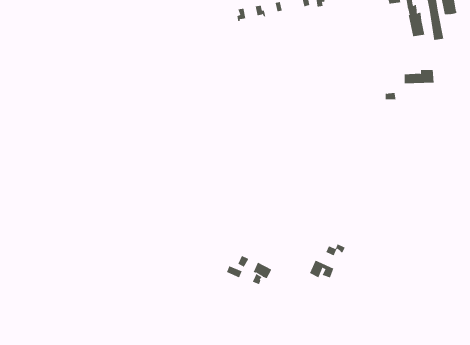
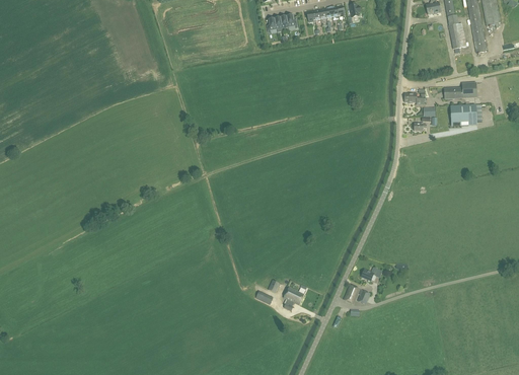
building: none -> [451,104,476,124]

